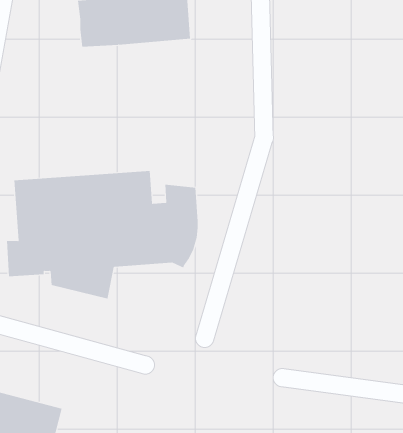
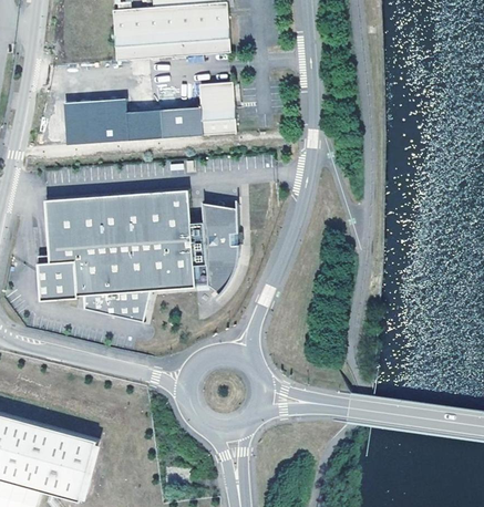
building: none -> [61,82,237,145]

